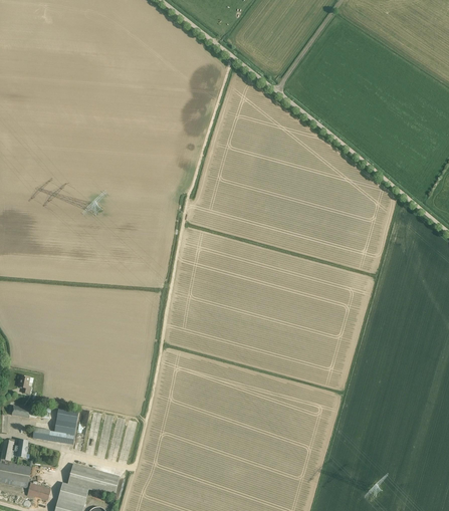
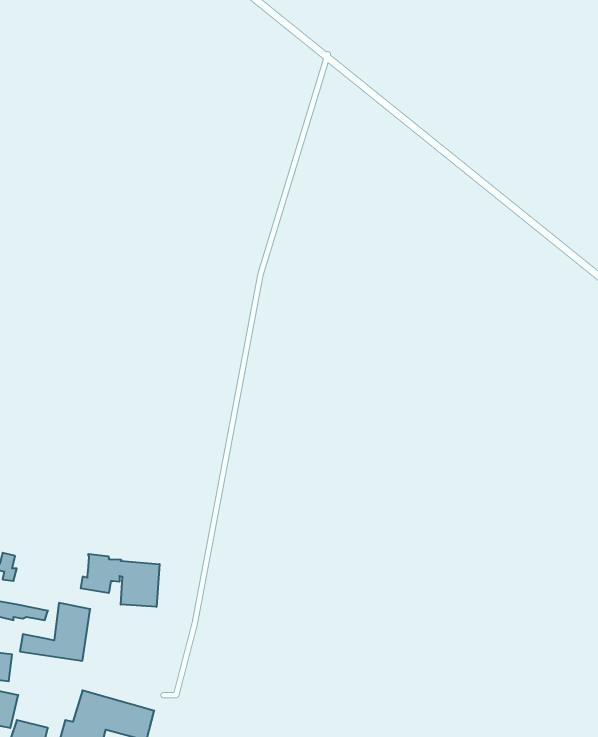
building: none -> [81,554,160,607]

